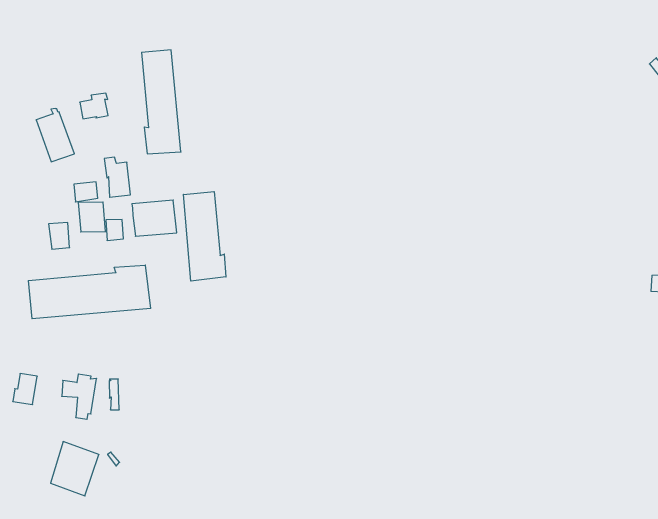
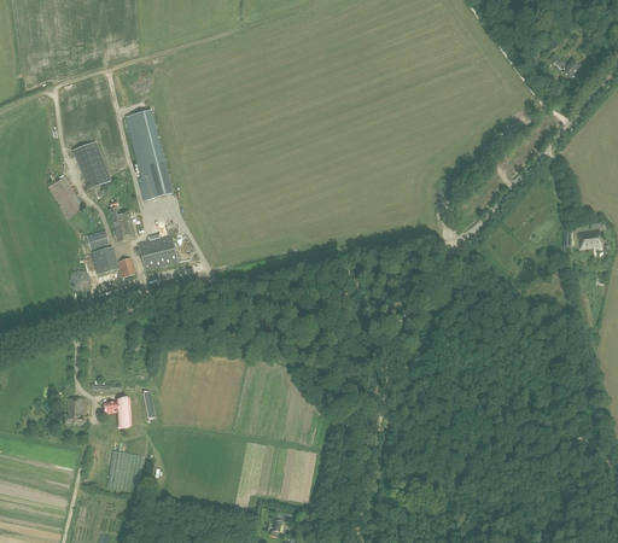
building: [183,192,226,281] -> none
building: [28,265,151,319] -> none

